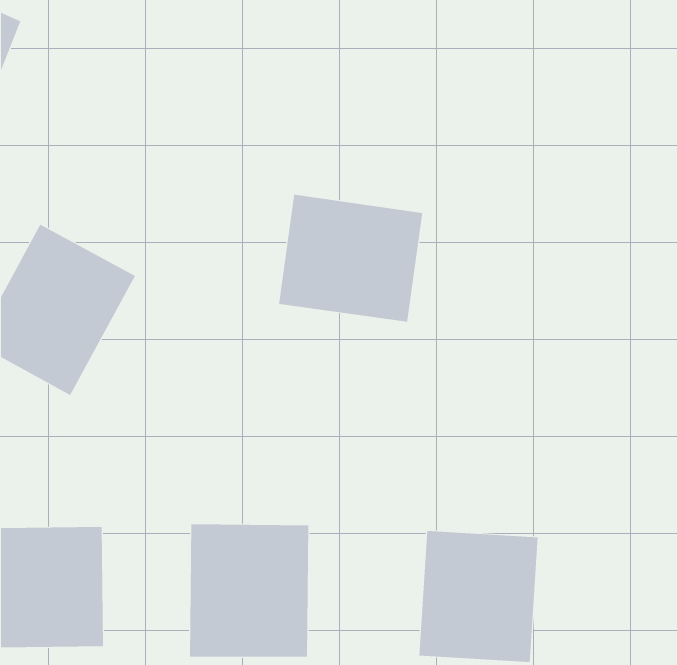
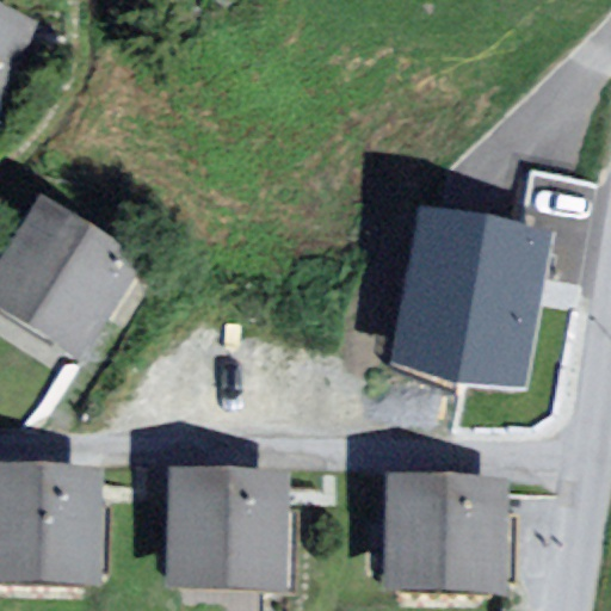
building: none -> [397,153,601,362]
building: [279,194,423,322] -> none

